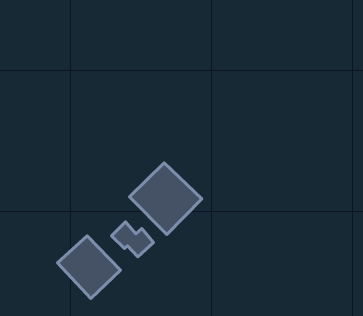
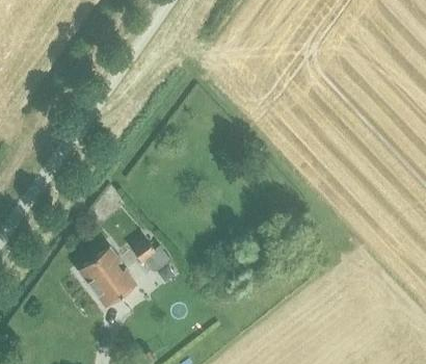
building: [129,163,202,234] -> none

